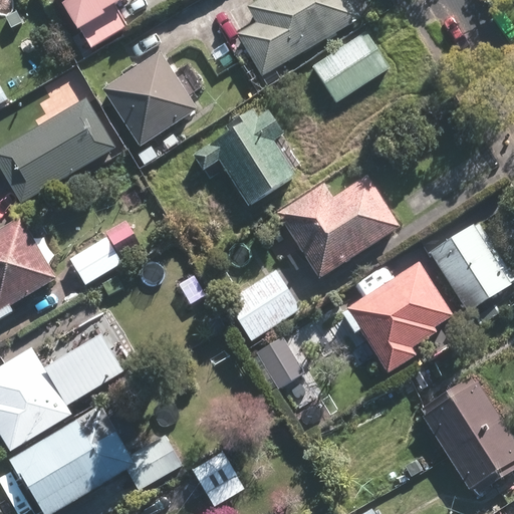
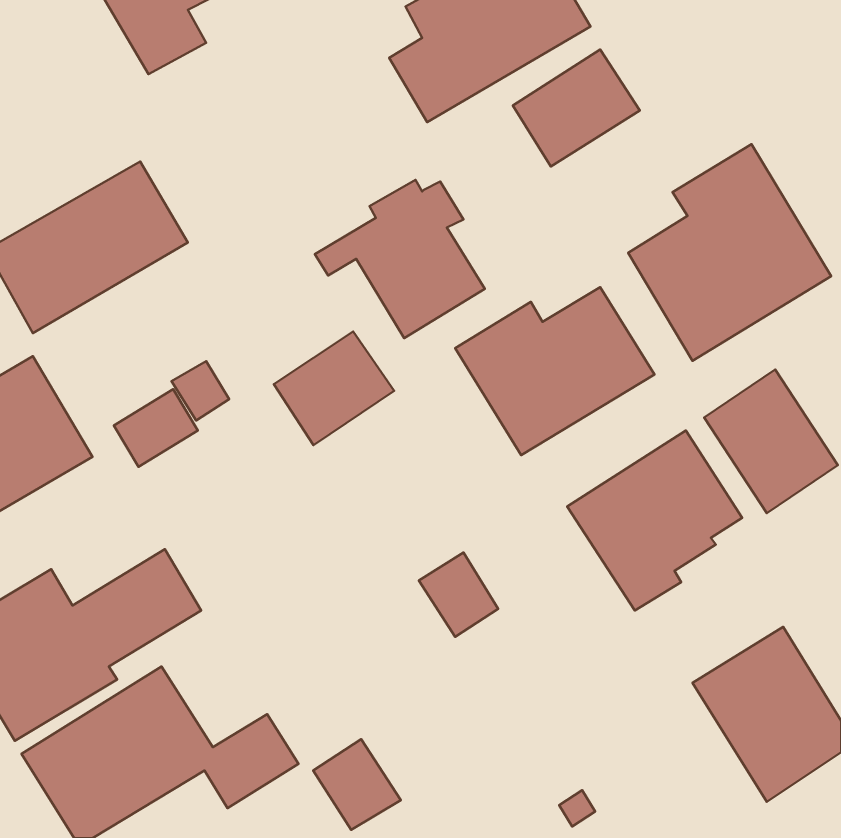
building: [99,52,196,147] -> none
building: none -> [628,144,831,361]
building: [227,270,300,339] -> [274,331,394,445]

